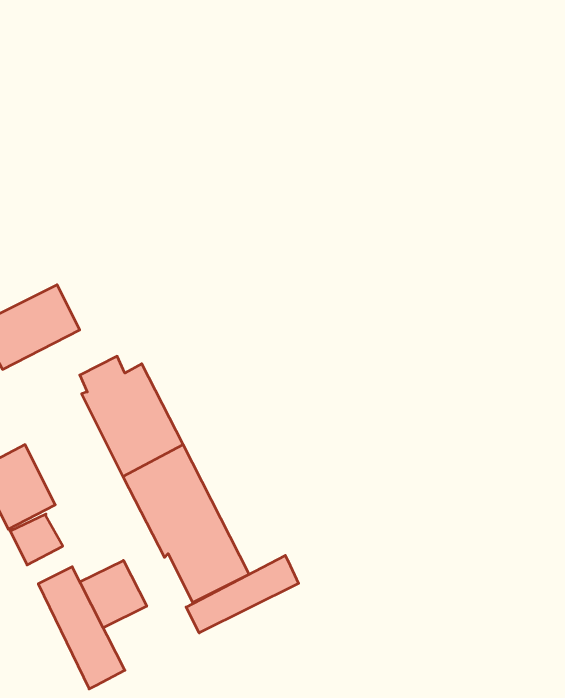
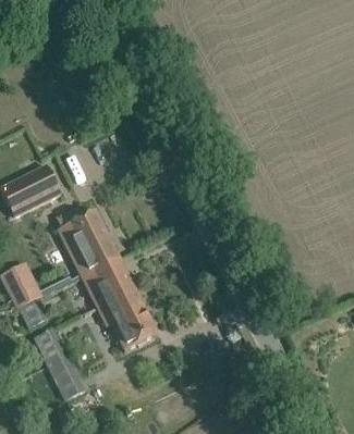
building: [186,555,299,633] -> none
building: [80,560,147,628] -> none

